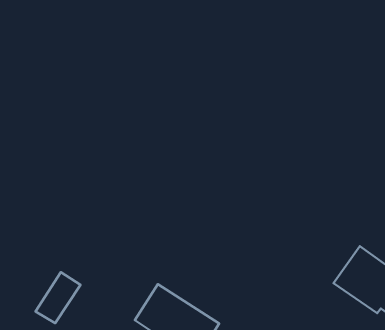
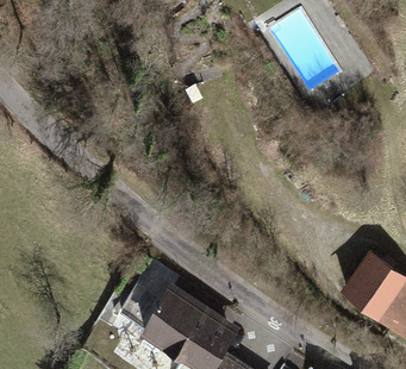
building: [35,272,80,323] -> [121,264,168,317]

